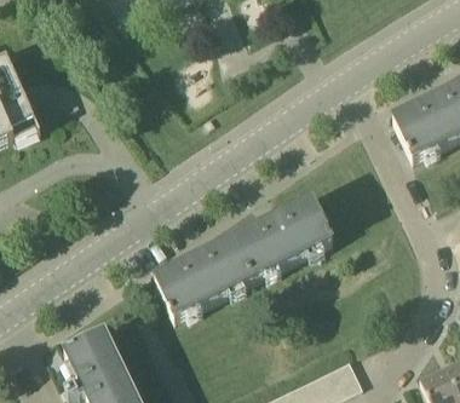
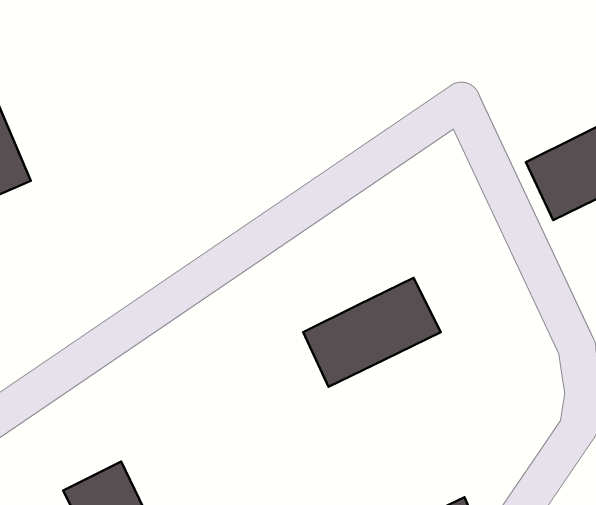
building: [155,240,253,317] -> none

